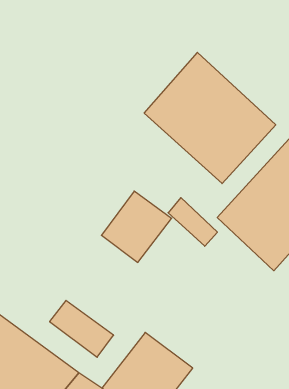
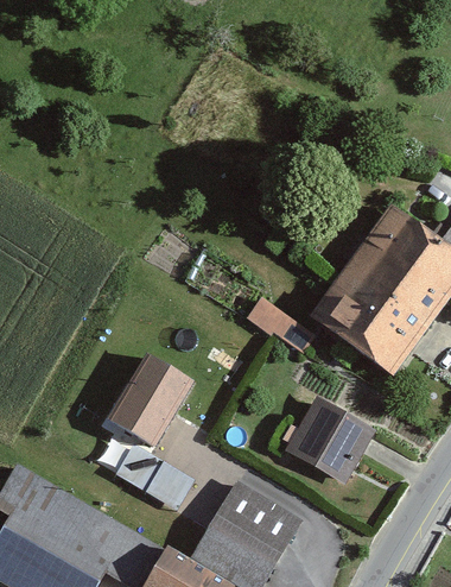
building: [144,52,276,184] -> none
building: [101,191,172,262] -> [101,360,189,452]
building: none -> [284,400,368,485]

